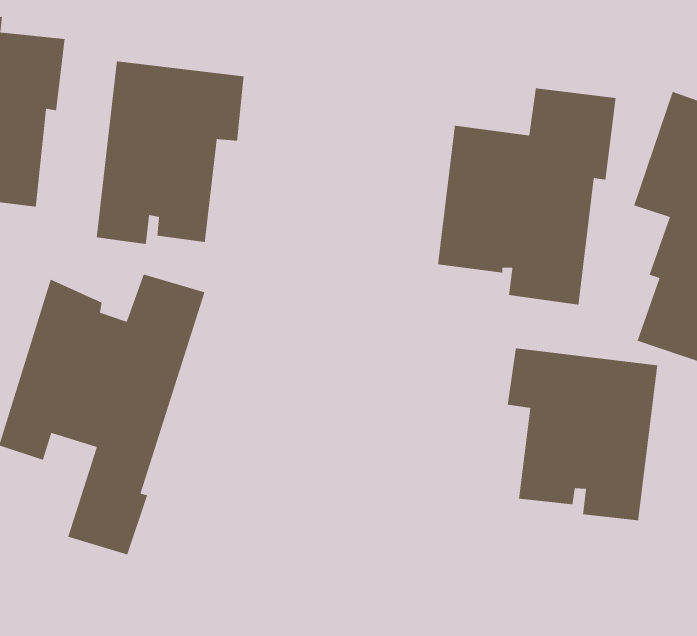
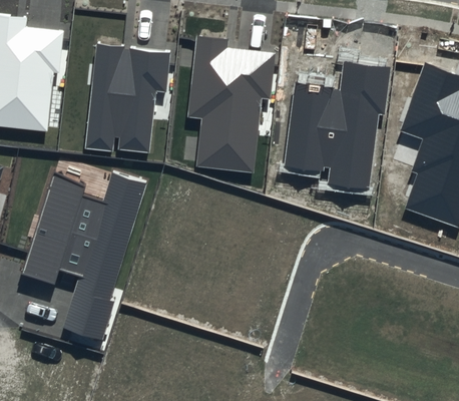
building: none -> [185,36,275,174]
building: [507,347,658,521] -> none

